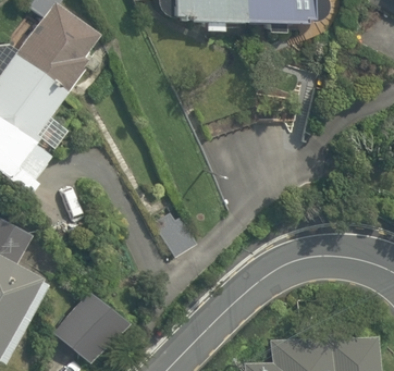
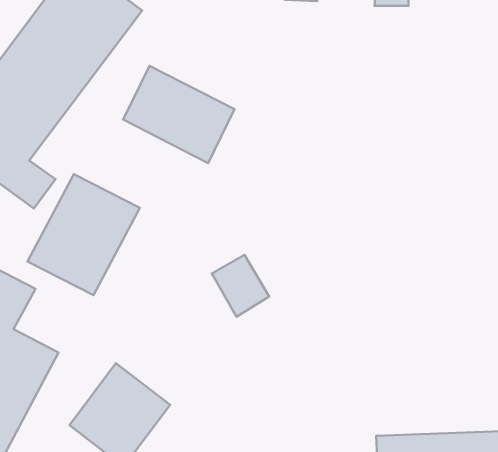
building: none -> [123,66,234,163]
building: none -> [28,174,140,295]

